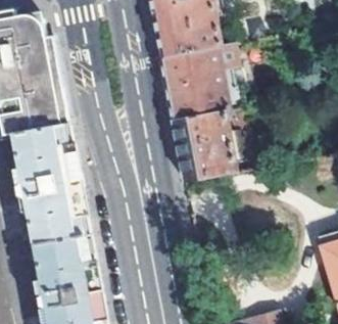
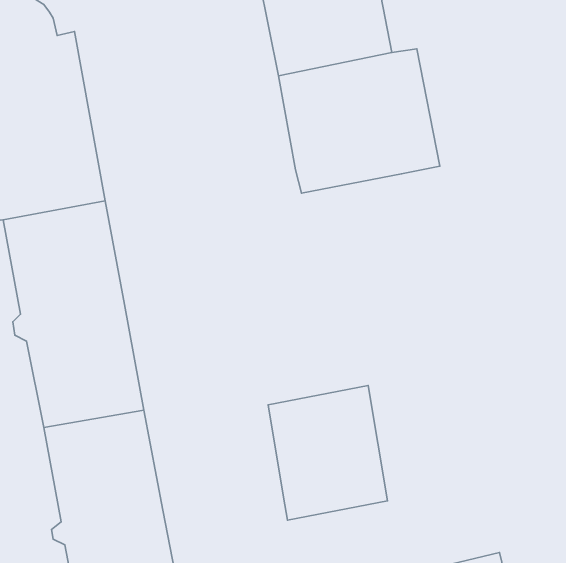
building: [171,110,234,182] -> [268,386,387,520]

